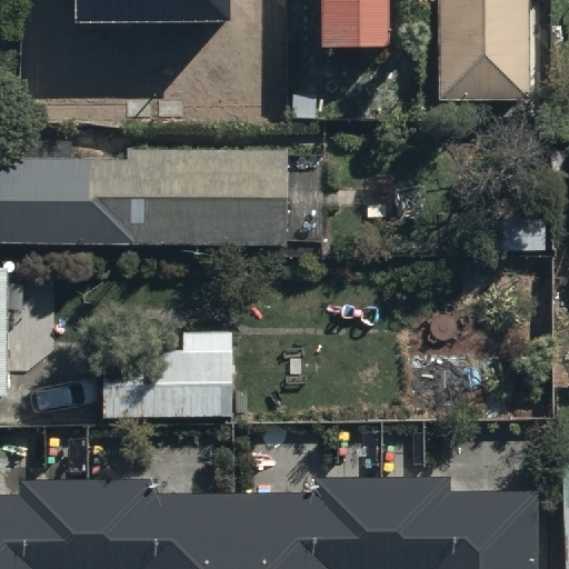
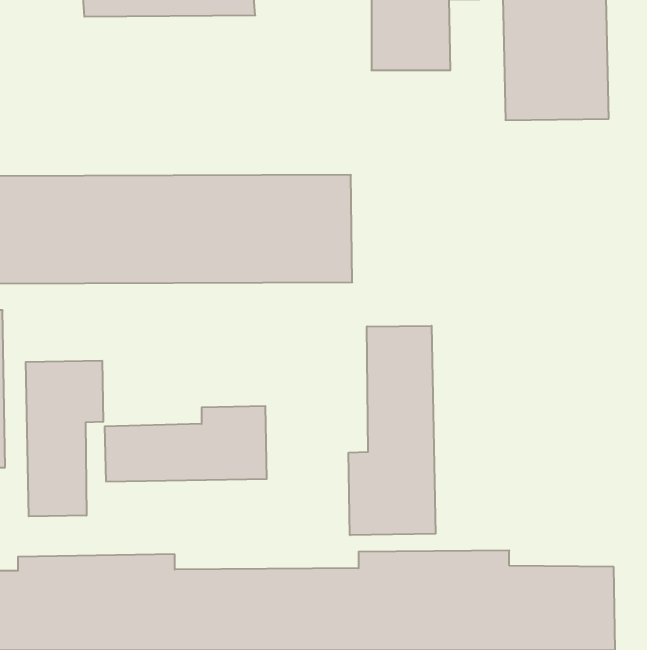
building: none -> [349,326,436,535]
building: none -> [26,361,103,516]

